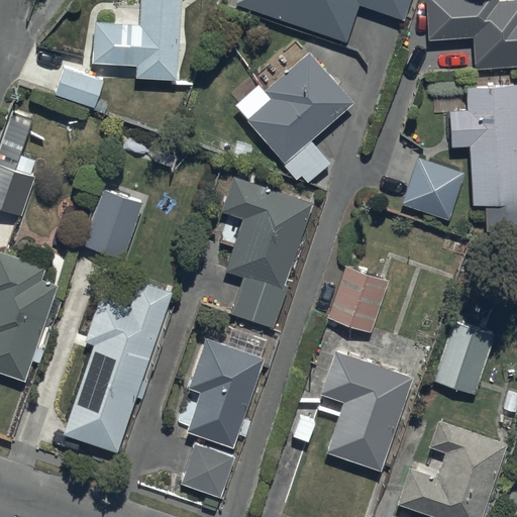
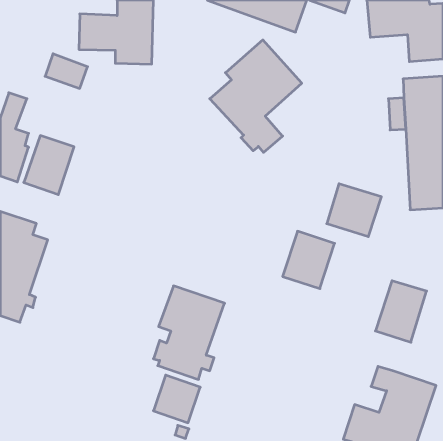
building: [403,163,467,224] -> [327,184,381,237]
building: [219,174,309,324] -> none
building: [81,187,139,255] -> [24,136,74,195]
building: [61,277,170,448] -> none
building: [321,356,416,479] -> none

